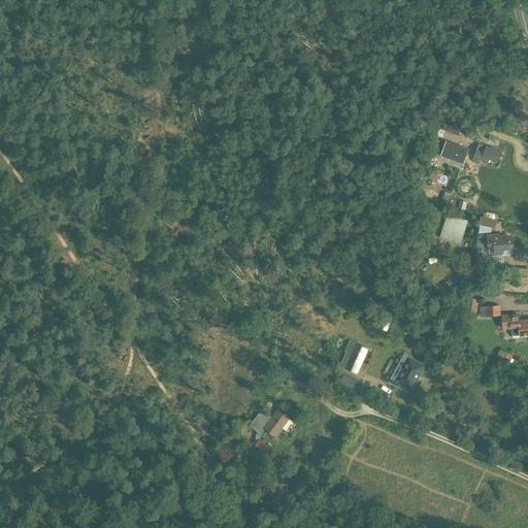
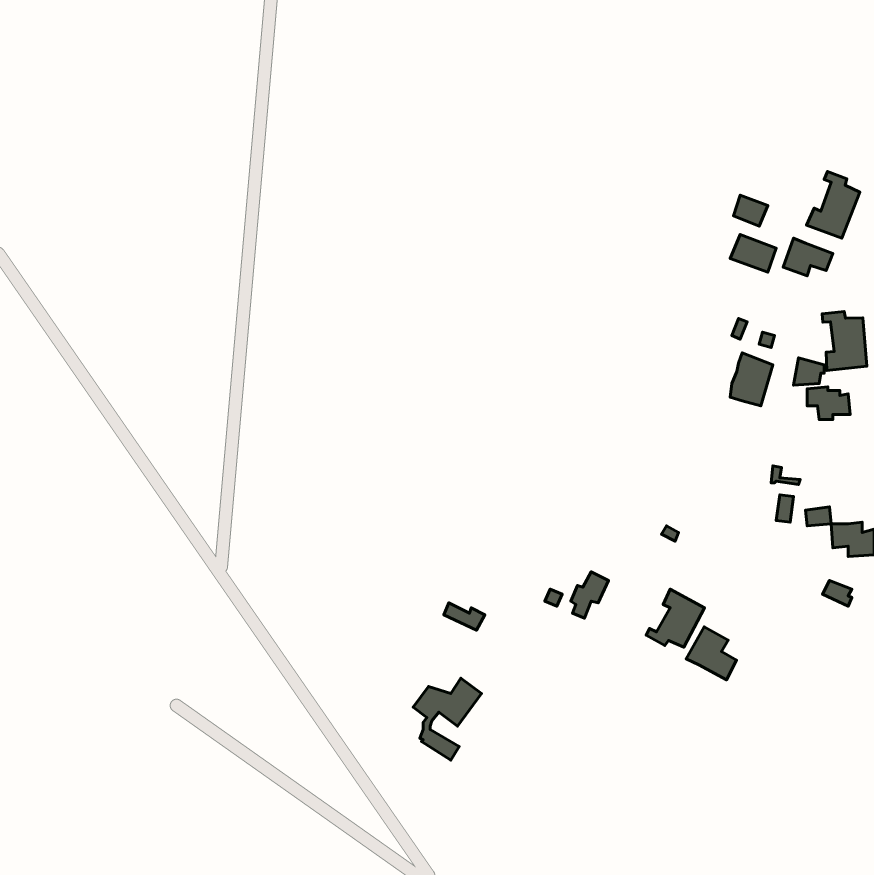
building: none -> [806,172,860,238]
building: none -> [822,312,867,371]
building: none -> [686,627,737,680]

